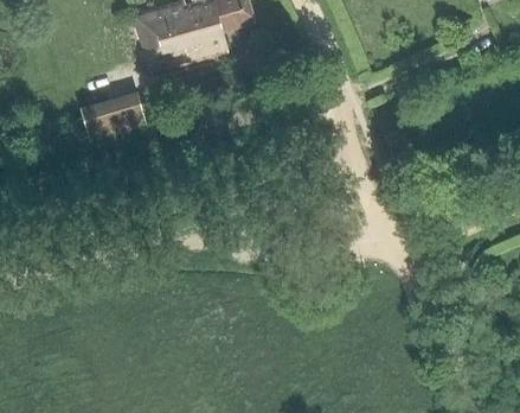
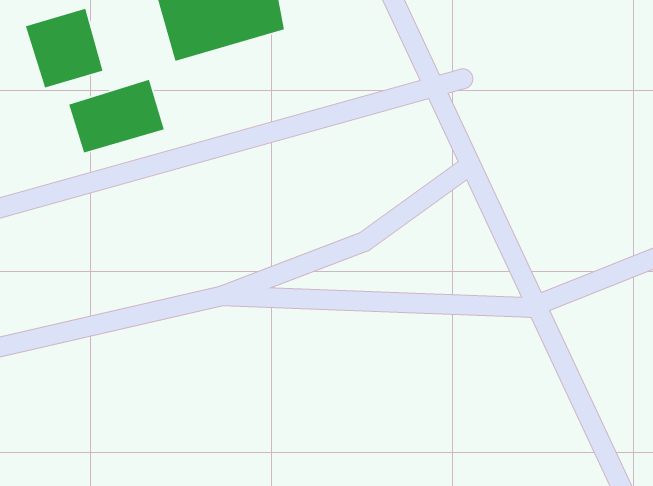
building: none -> [25,8,103,88]

